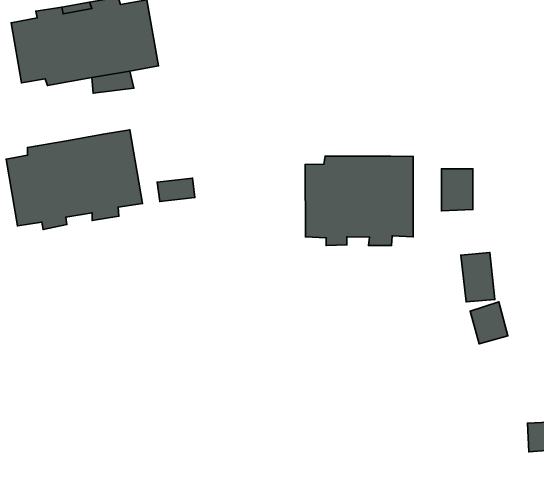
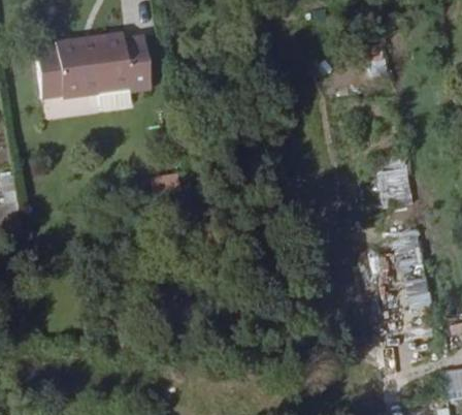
building: [6,130,143,229] -> none
building: [305,156,413,246] -> none

